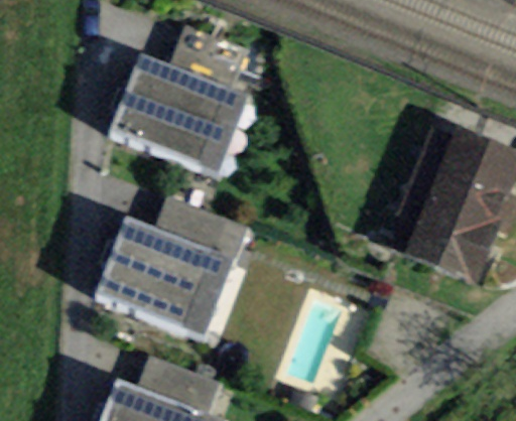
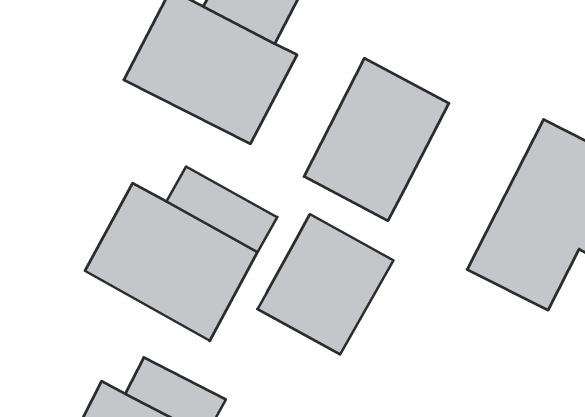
building: none -> [304,58,449,221]
building: none -> [257,214,393,354]

